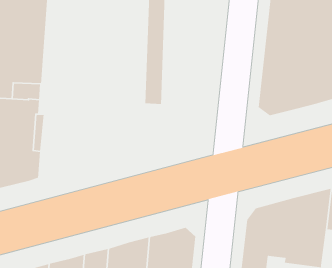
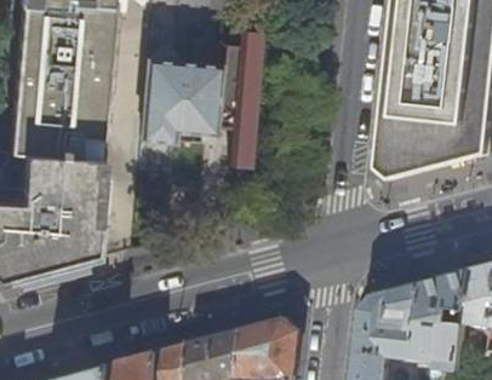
building: none -> [138,36,221,139]

